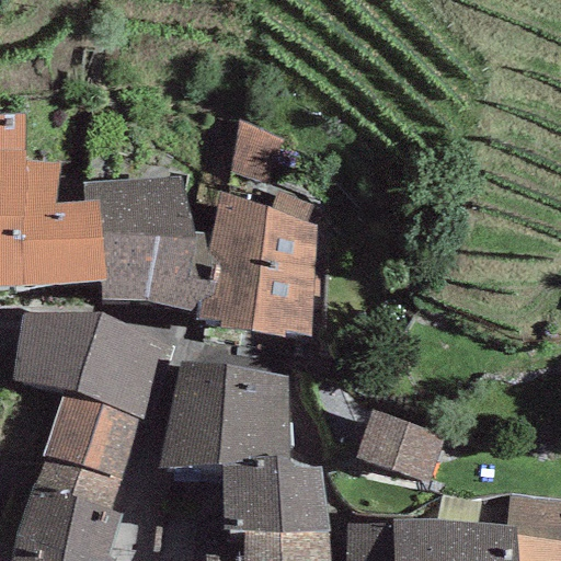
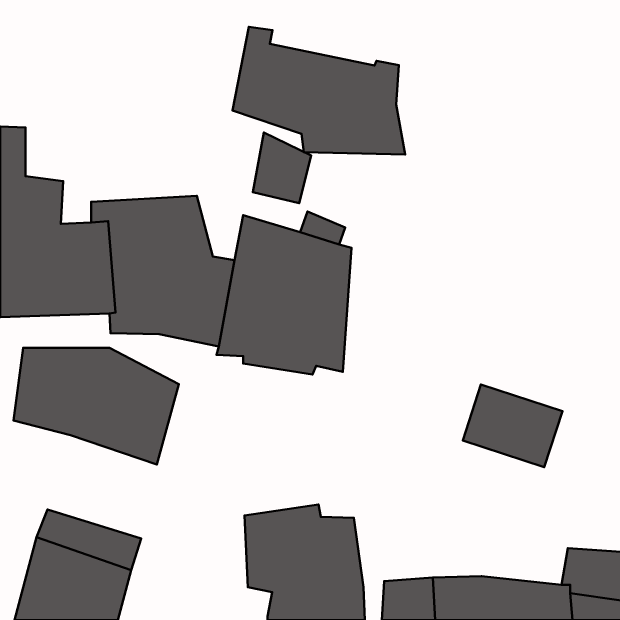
building: none -> [233,27,405,154]
building: [159,360,288,468] -> none
building: [41,392,142,485] -> none
building: [356,409,446,483] -> [463,384,562,467]

